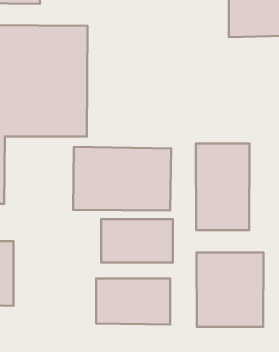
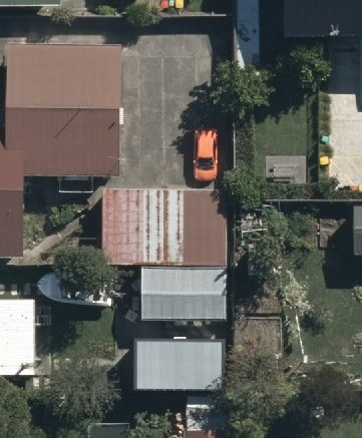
building: [196,144,250,230] -> none
building: [196,252,264,327] -> none

